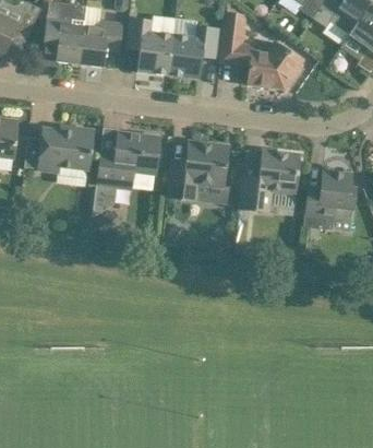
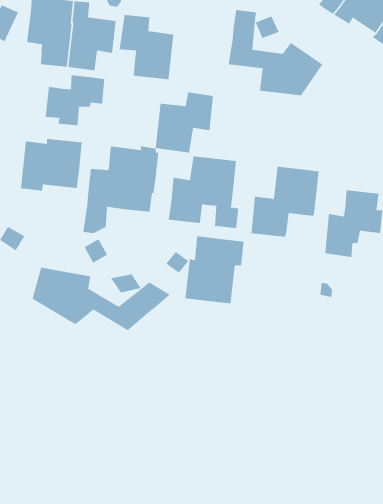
building: [169,24,220,78] -> [155,92,214,153]
building: none -> [45,75,105,126]
building: none -> [185,236,244,304]
building: none -> [32,267,171,331]

